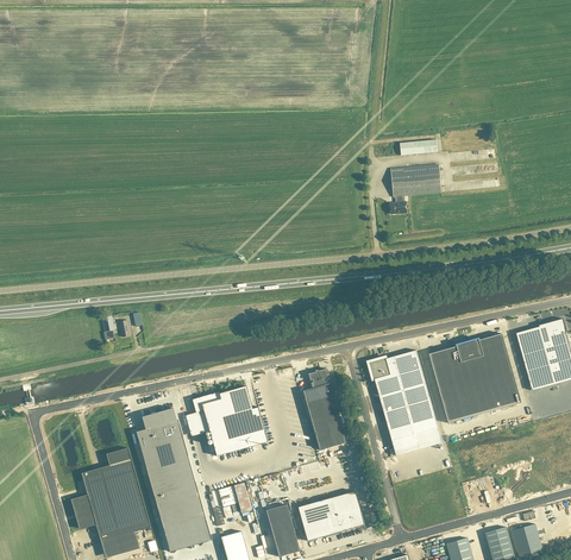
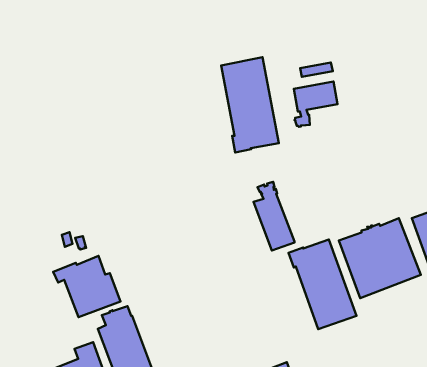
building: none -> [221,57,279,152]
building: [302,369,346,449] -> [254,182,295,251]
building: [192,385,268,455] -> [53,256,120,317]

